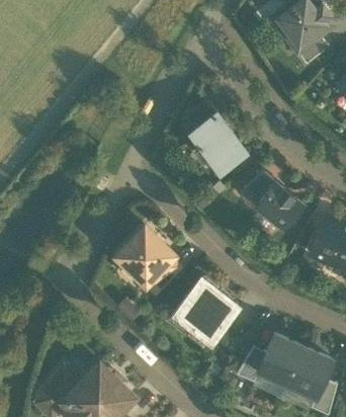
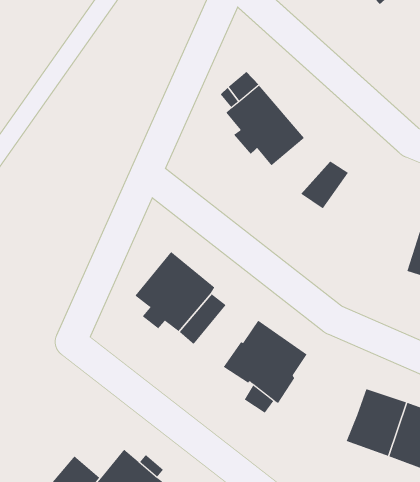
building: [254,181,304,229] -> none
building: [236,347,266,383] -> none

